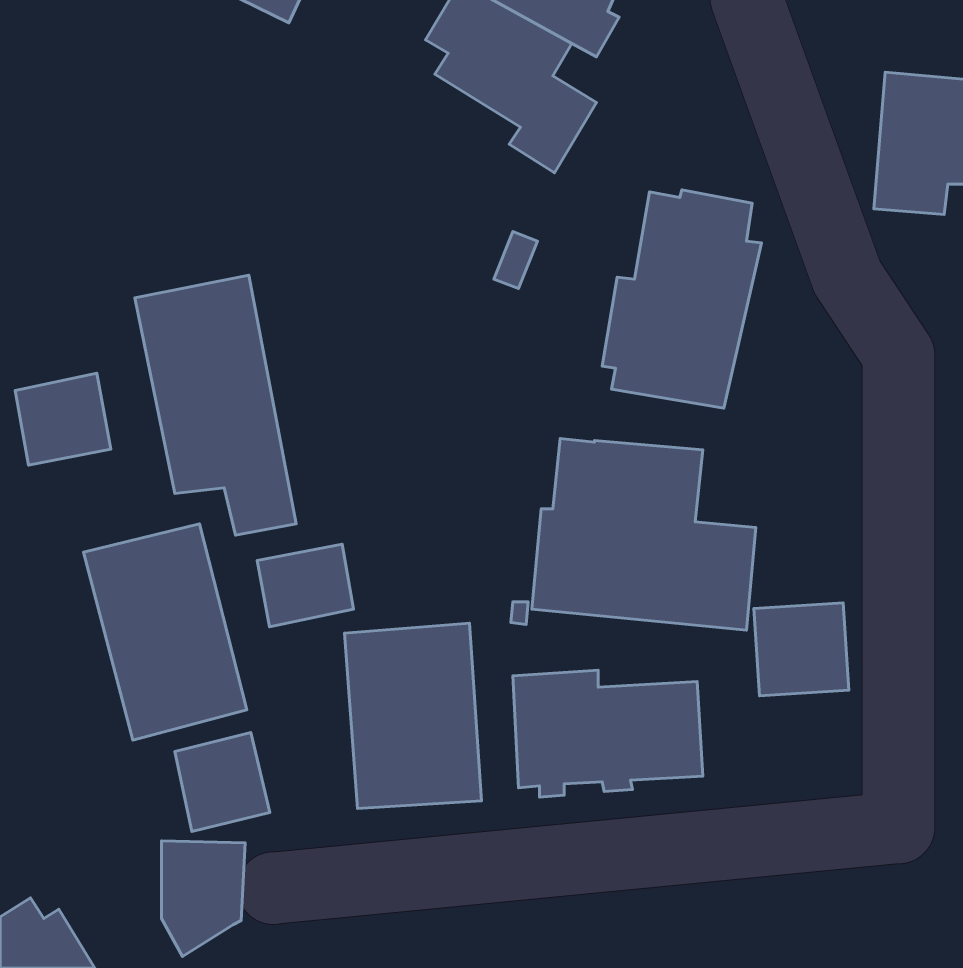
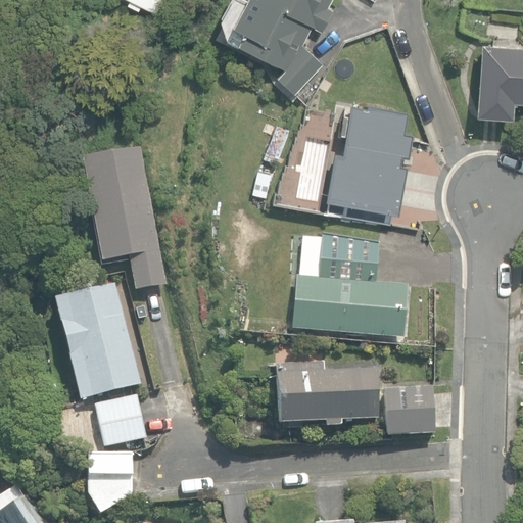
building: [15,373,111,465] -> none
building: [257,544,354,627] -> none
building: [754,603,849,696] -> [387,386,438,436]
building: [344,623,481,809] -> none

